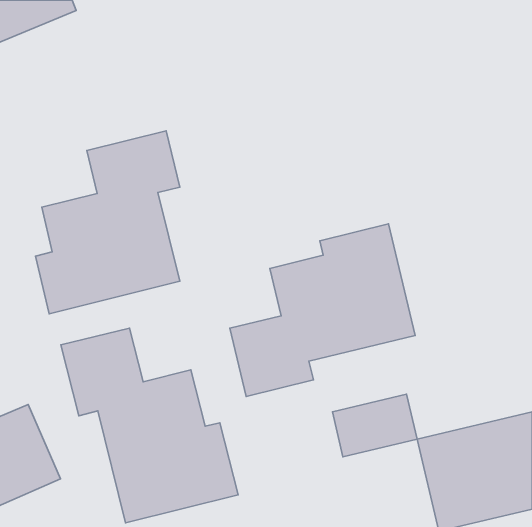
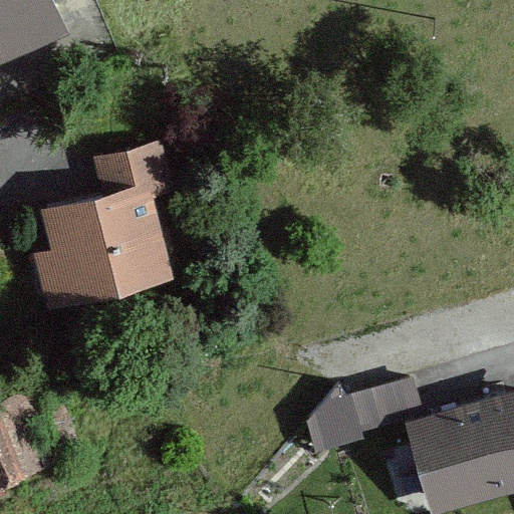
building: [230,224,415,396] -> none
building: [61,328,238,523] -> none

